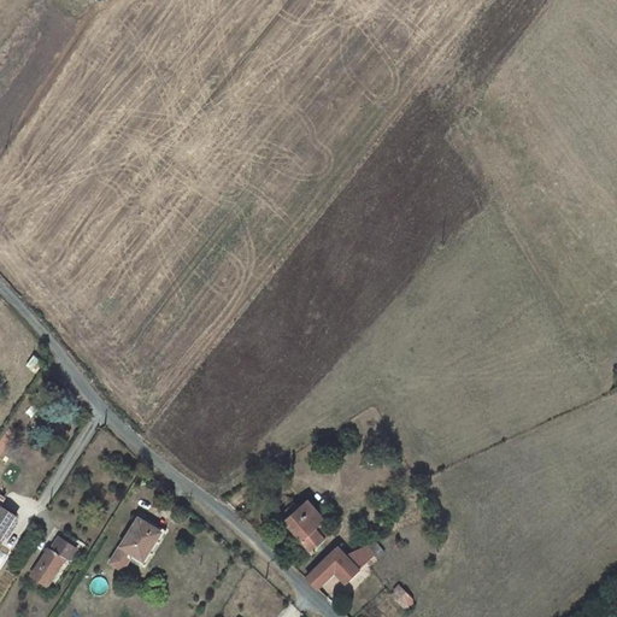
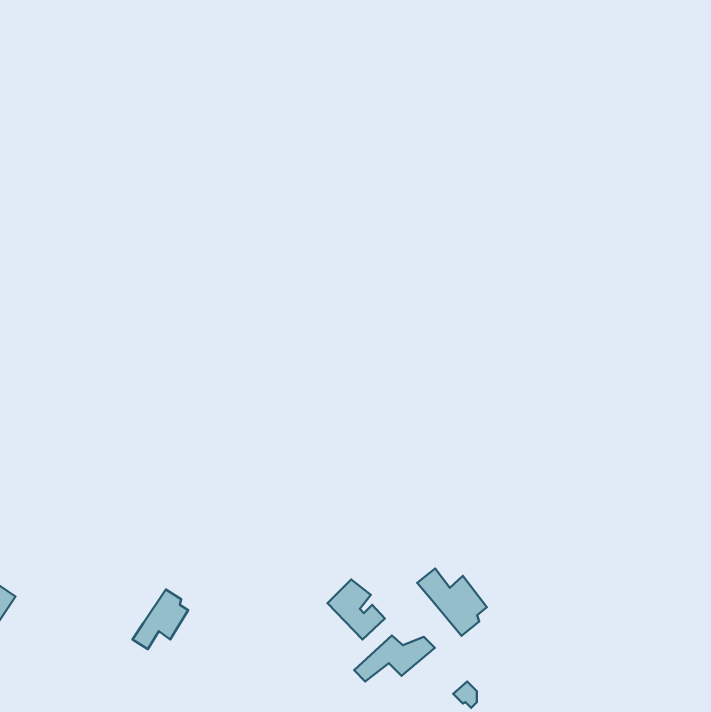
building: none -> [417,569,487,636]
building: [27,539,70,587] -> none

